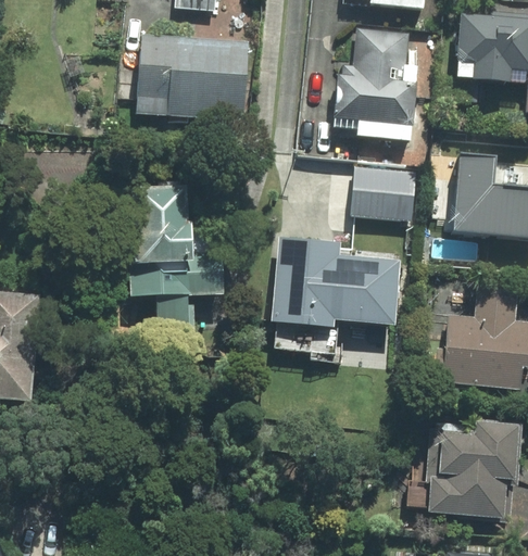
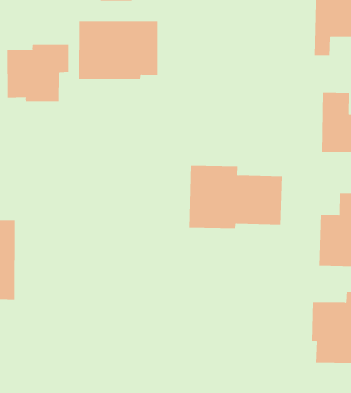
building: [334,27,420,125] -> none
building: none -> [7,44,69,102]
building: [350,167,416,220] -> none
building: [128,185,225,341] -> none

